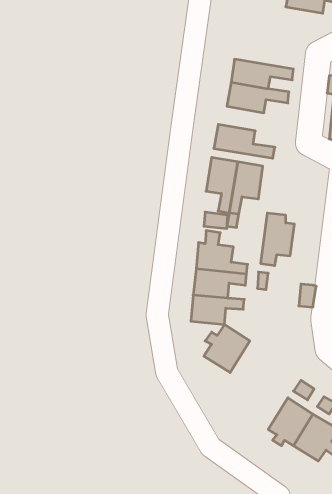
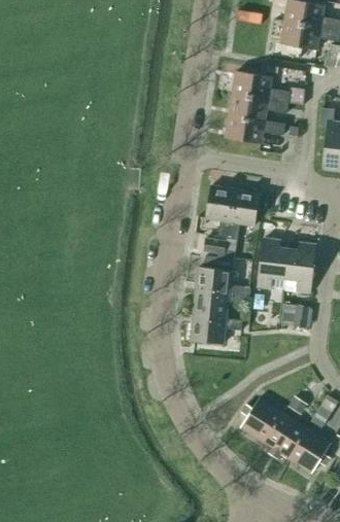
building: [214,124,275,158] -> [233,71,291,103]
building: none -> [285,243,317,292]
building: [204,325,250,373] -> [240,397,283,443]

